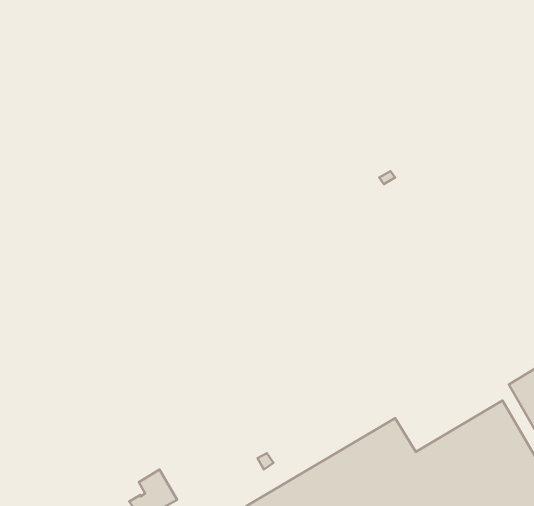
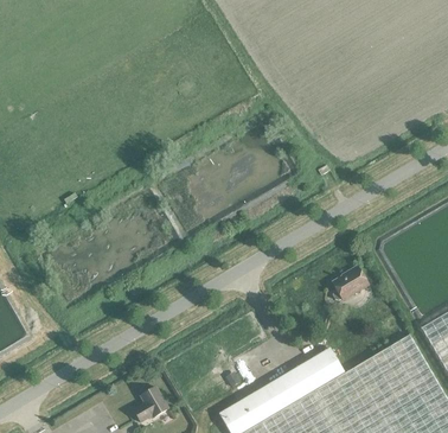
building: none -> [332,268,369,303]

